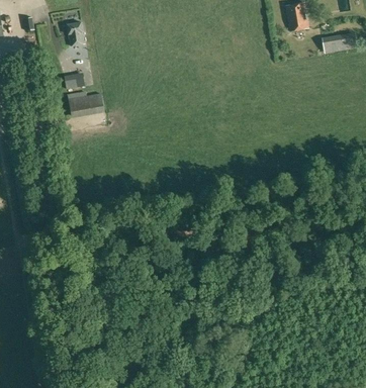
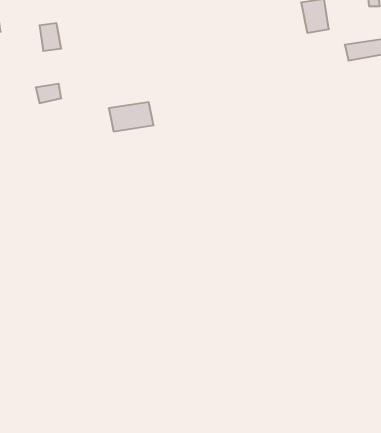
building: [68,93,105,117] -> [109,102,154,131]

